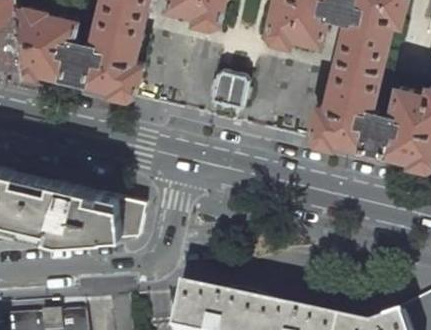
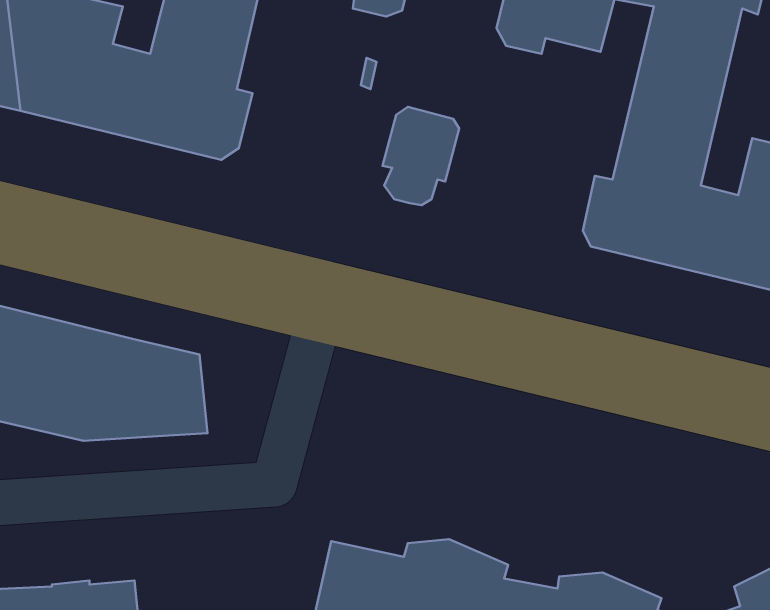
building: [115,198,143,238] -> none

